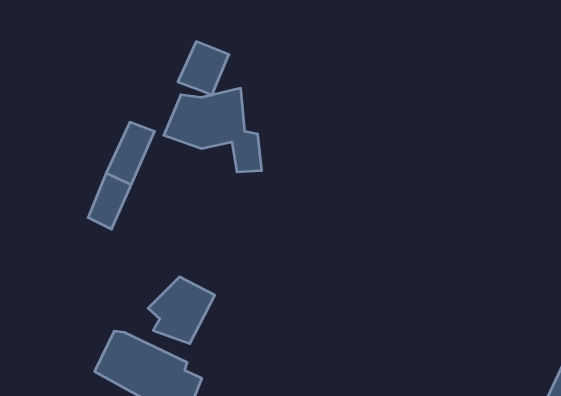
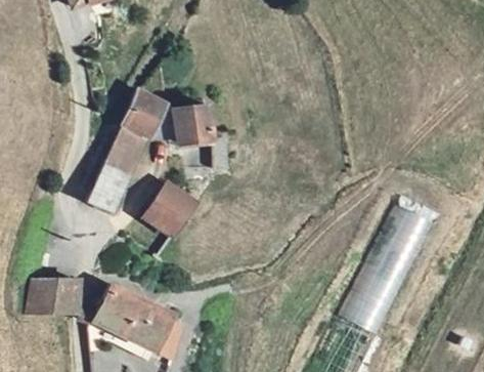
building: [178,42,229,95] -> [126,94,166,136]
building: [148,277,215,344] -> [141,181,193,234]
building: none -> [36,273,83,317]

